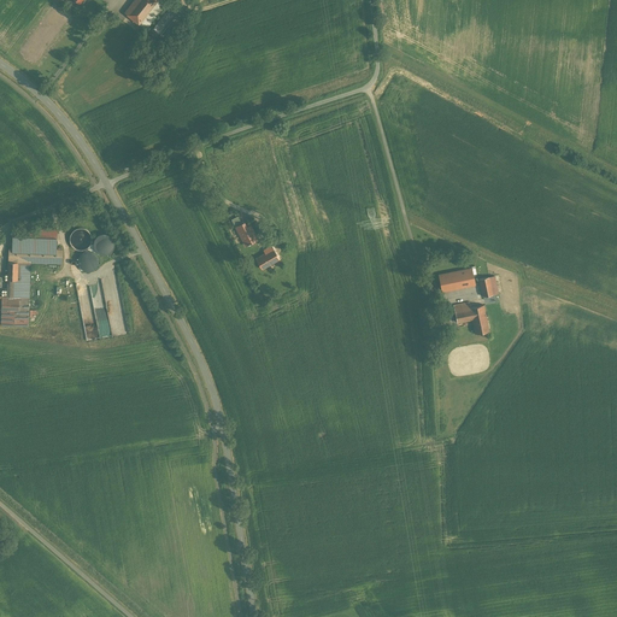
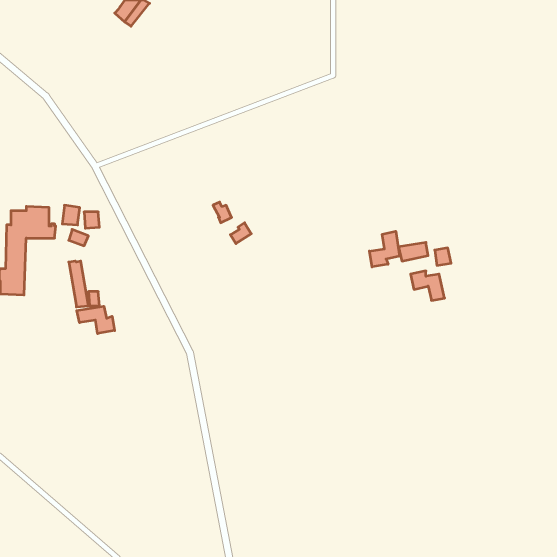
building: none -> [369,231,400,267]
building: none -> [77,306,115,334]

